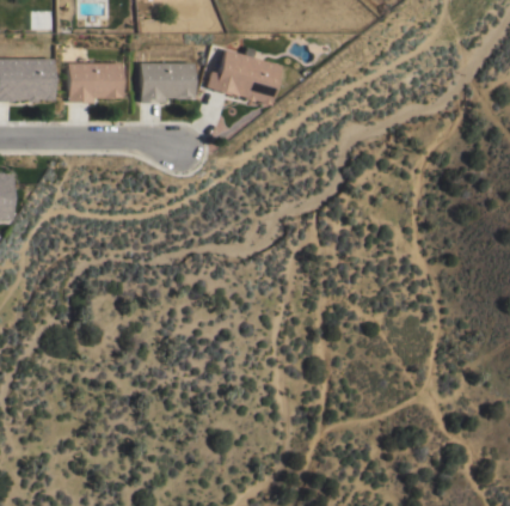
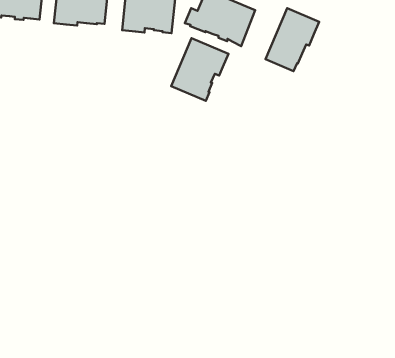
building: none -> [265,8,319,71]
building: none -> [171,38,229,101]

